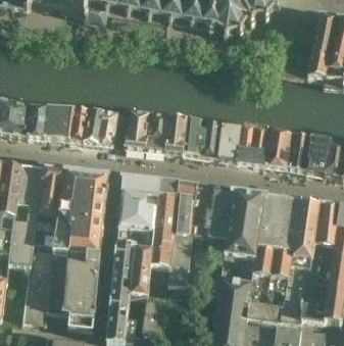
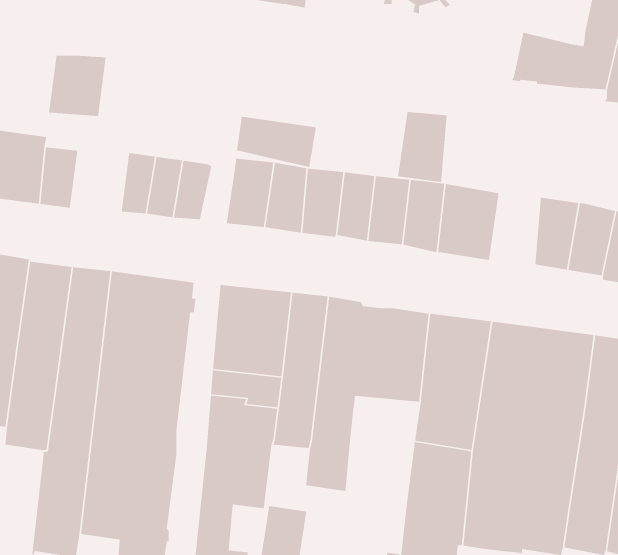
building: none -> [236,116,317,168]
building: [43,107,73,140] -> [48,55,106,117]
building: [263,130,290,167] -> [397,111,448,183]

